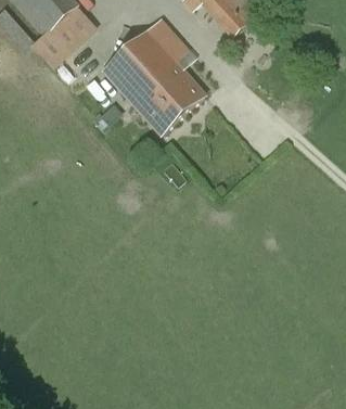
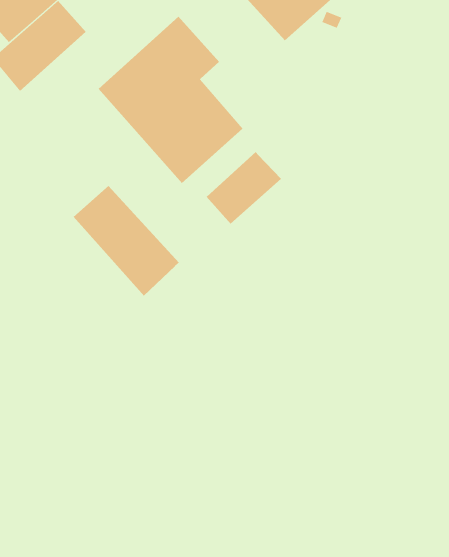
building: none -> [206,151,282,224]
building: none -> [73,185,180,297]

